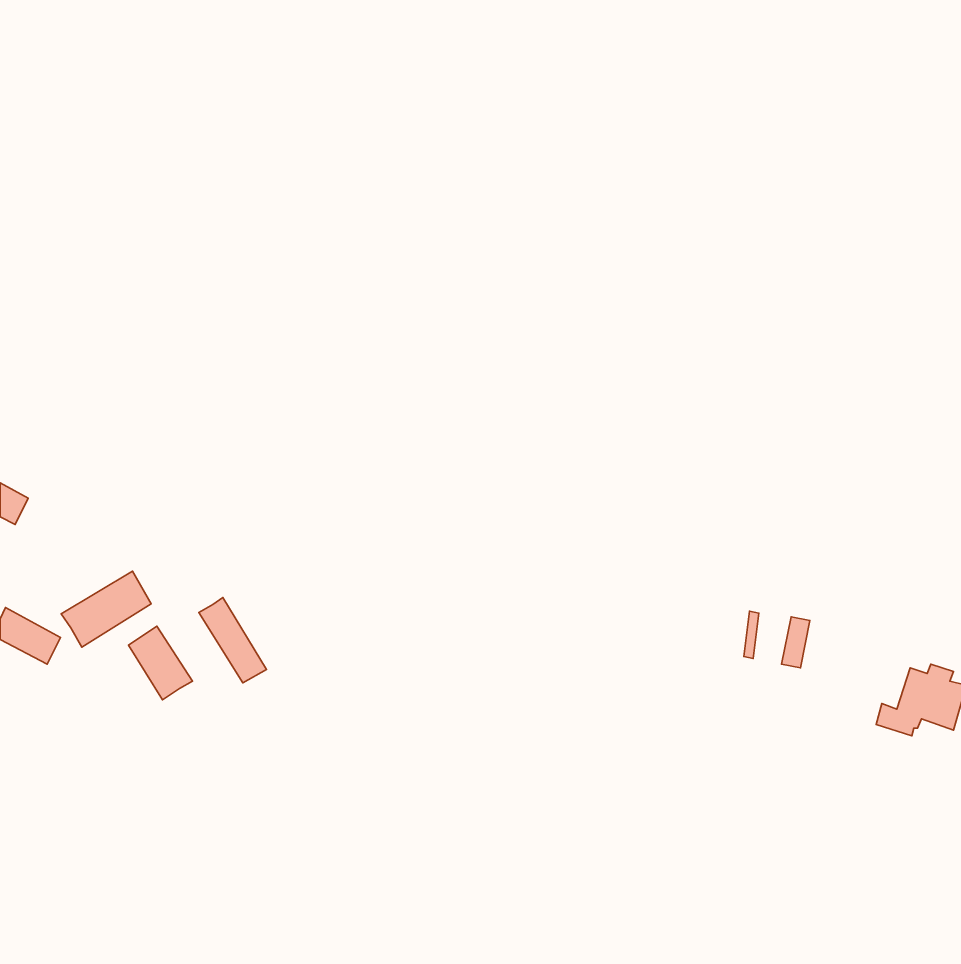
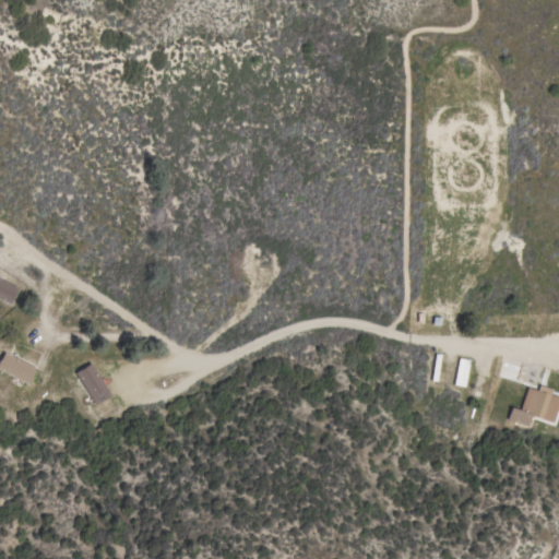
building: [61,571,151,647] -> none
building: [199,597,267,683] -> none

